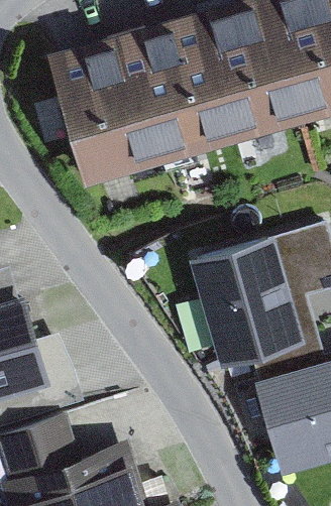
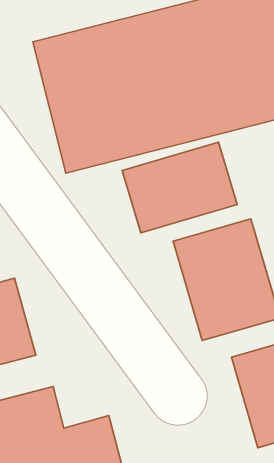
building: none -> [122,142,237,233]

